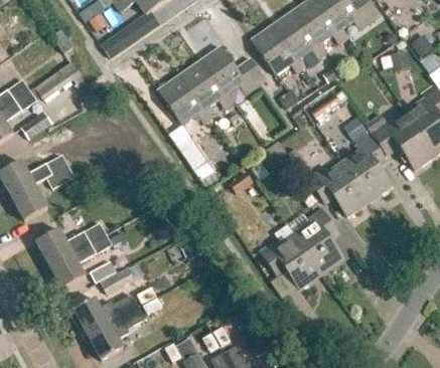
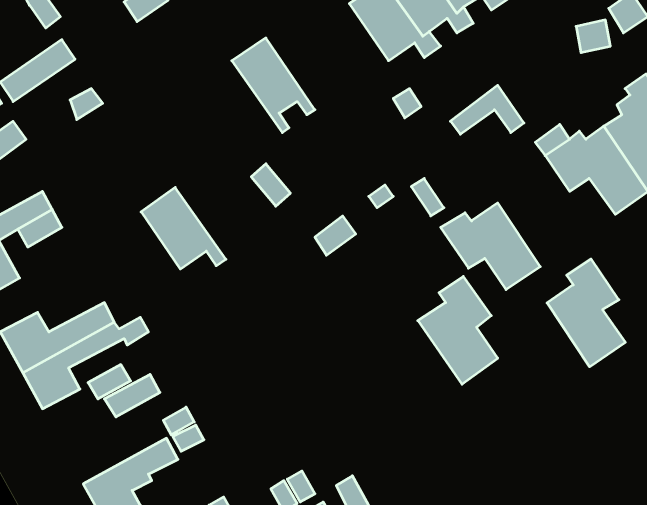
building: [199,44,266,104] -> none
building: [157,73,209,124] -> [141,187,226,269]
building: [342,134,391,200] -> [547,259,625,367]
building: [259,233,320,287] -> none
building: [74,294,138,334] -> none

